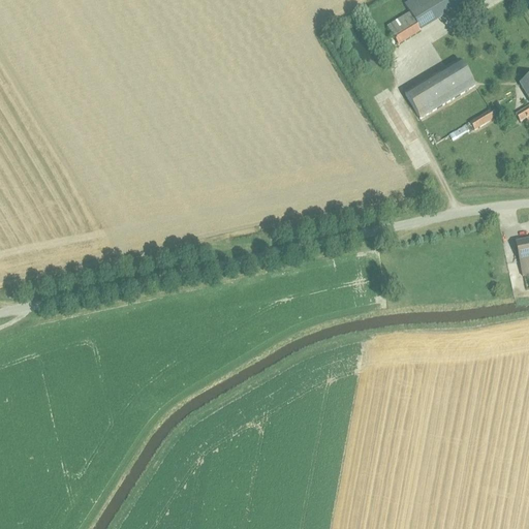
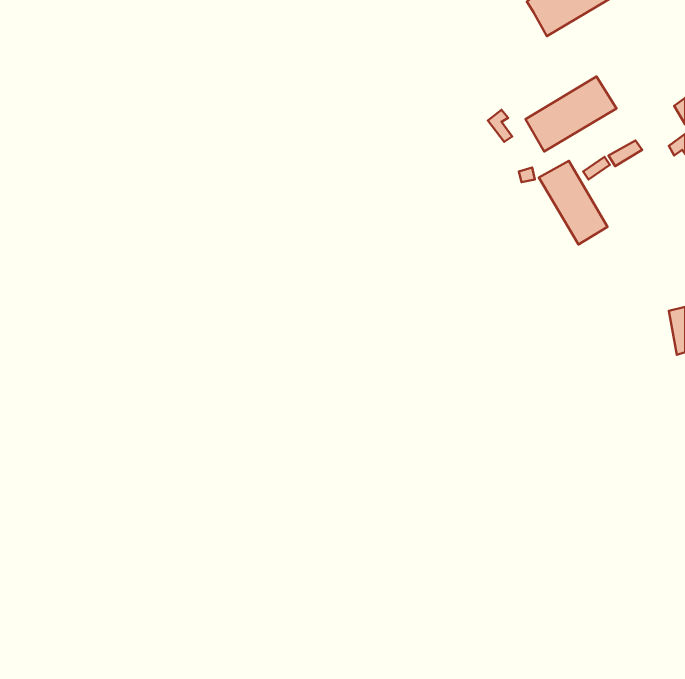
building: [387,9,422,42] -> none
building: none -> [539,161,608,244]

